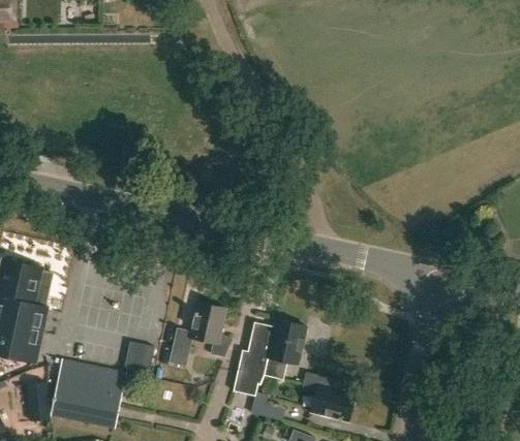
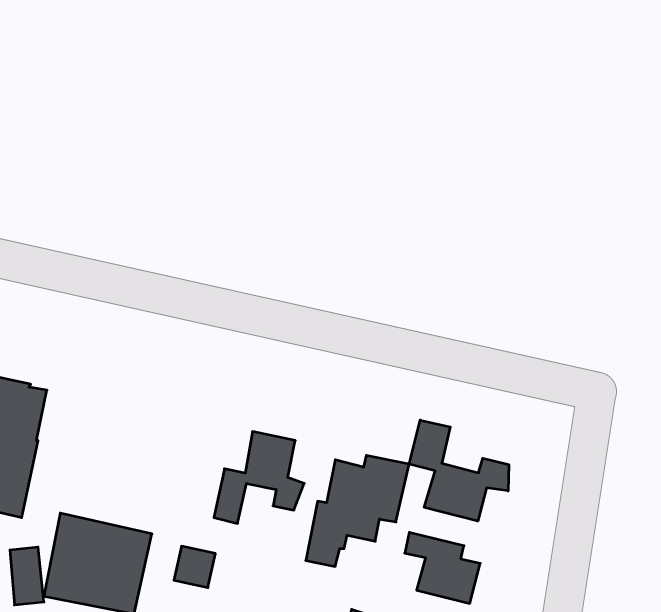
building: none -> [409,420,509,521]
building: [124,342,153,371] -> [174,546,215,588]
building: [250,391,284,420] -> none

